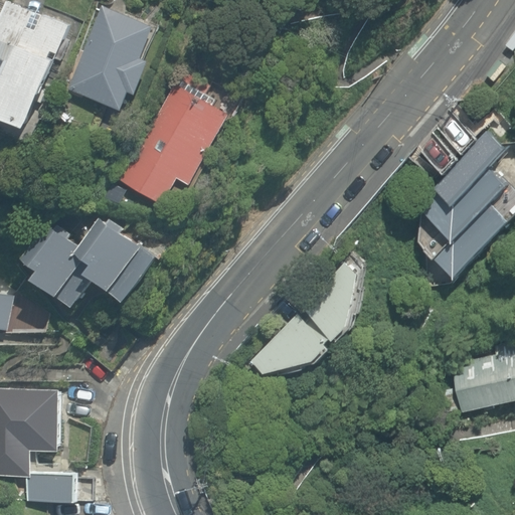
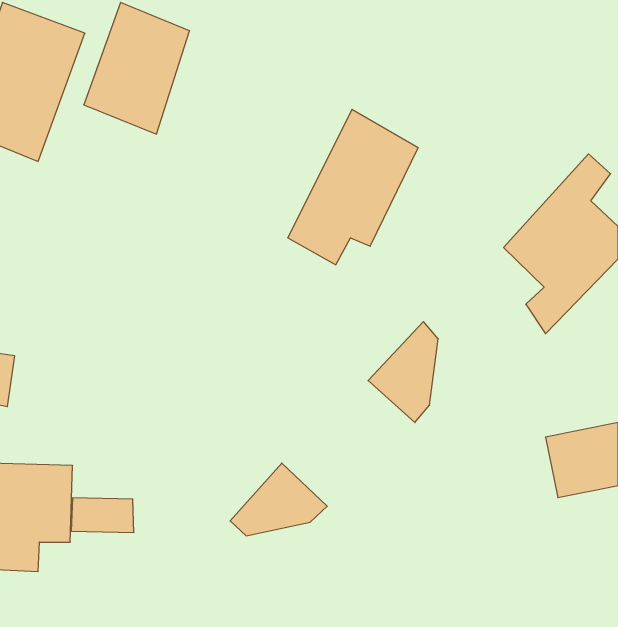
building: [119,77,225,204] -> [288,110,418,265]
building: [26,220,163,314] -> none
building: [253,317,333,376] -> [230,463,327,536]
building: [27,476,78,504] -> [71,498,134,532]

